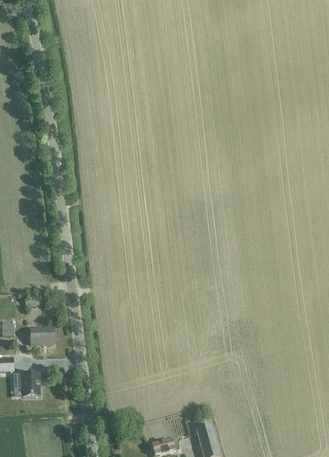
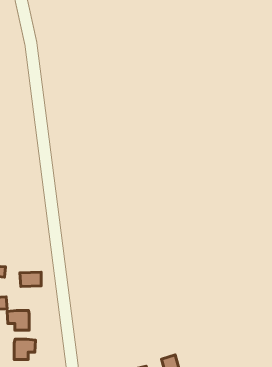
building: none -> [14,339,36,359]

